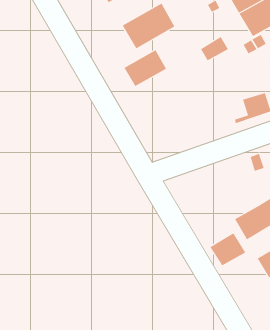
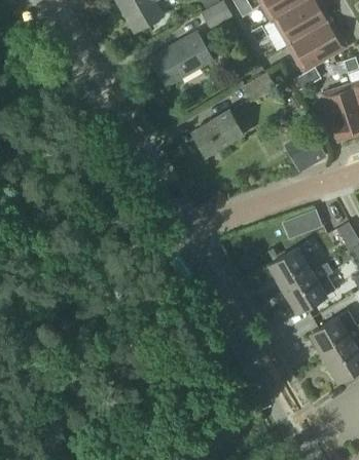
building: [123,50,167,87] -> [190,111,242,155]
building: [210,232,246,266] -> [267,247,311,288]

